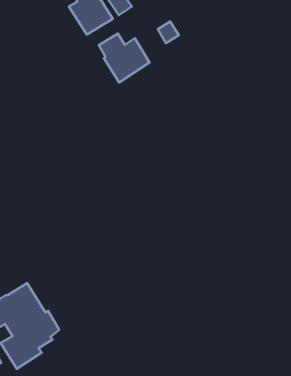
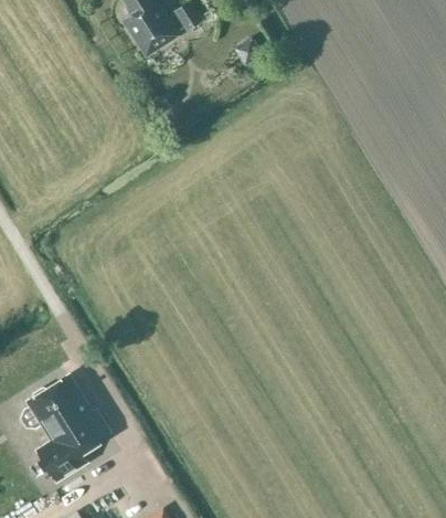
building: [99,34,149,82] -> none

